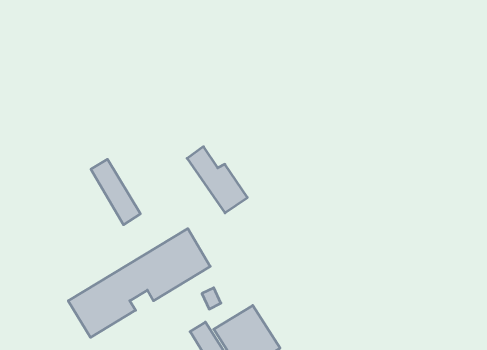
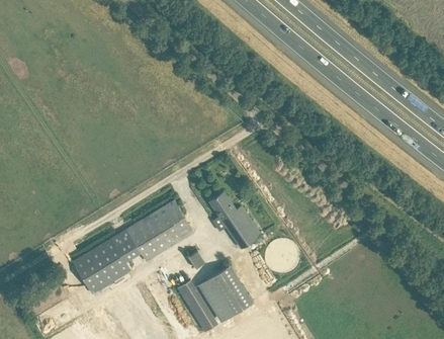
building: [187,147,247,213] -> [209,190,261,247]
building: [91,159,140,225] -> none

